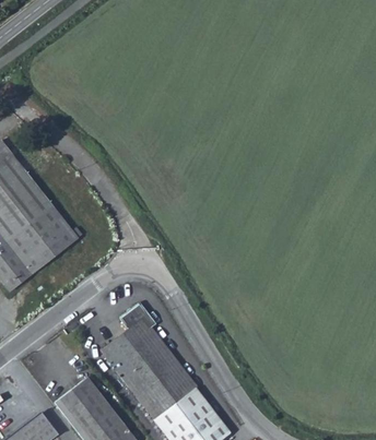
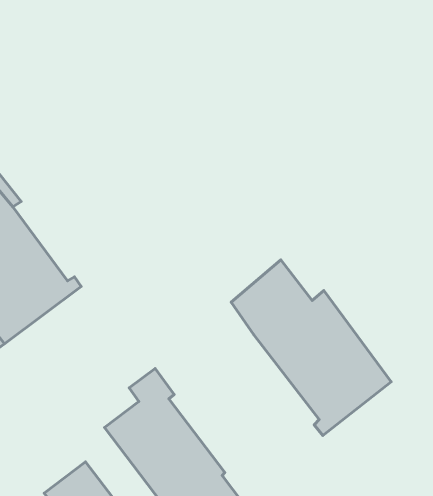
building: none -> [231,260,391,436]

